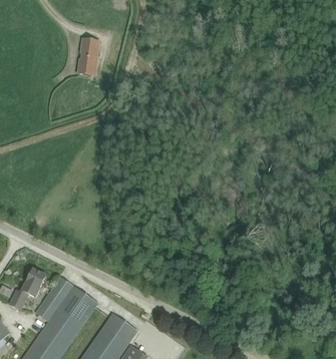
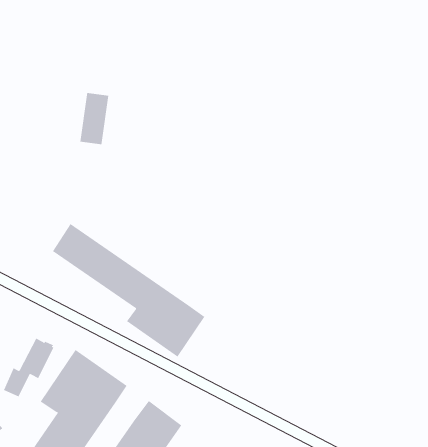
building: [77,39,98,76] -> [80,93,109,145]
building: none -> [52,223,205,358]

